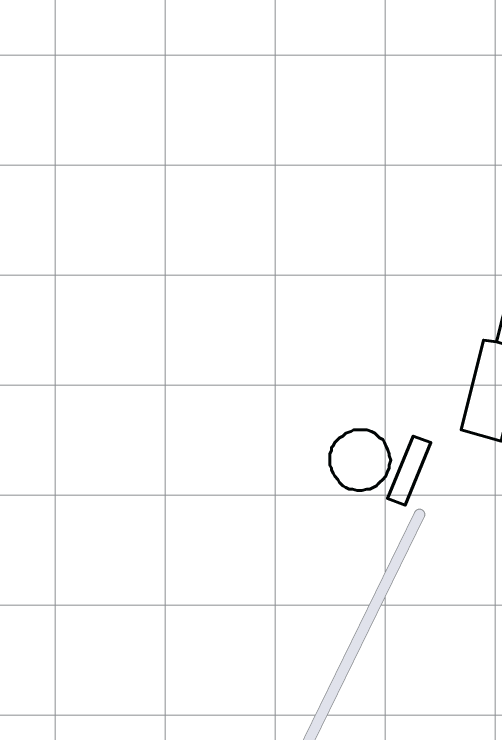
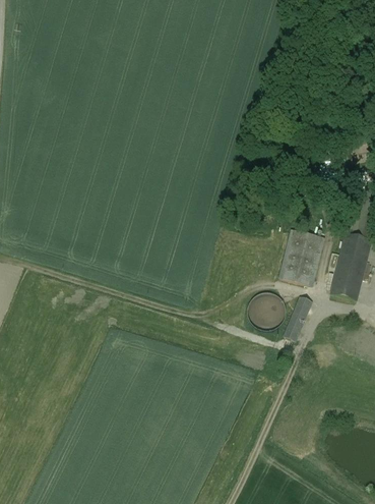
building: none -> [279,230,323,286]

